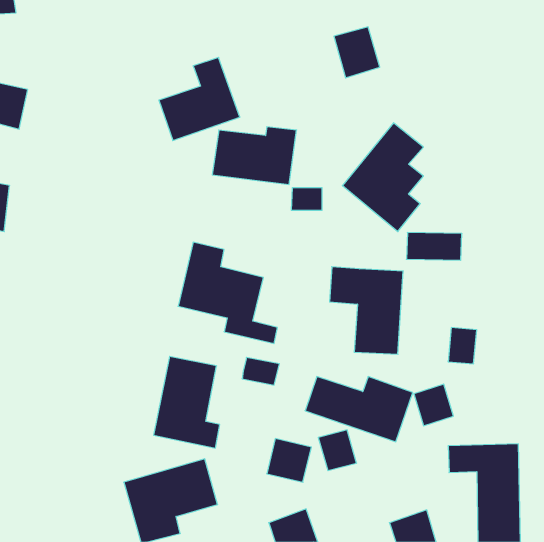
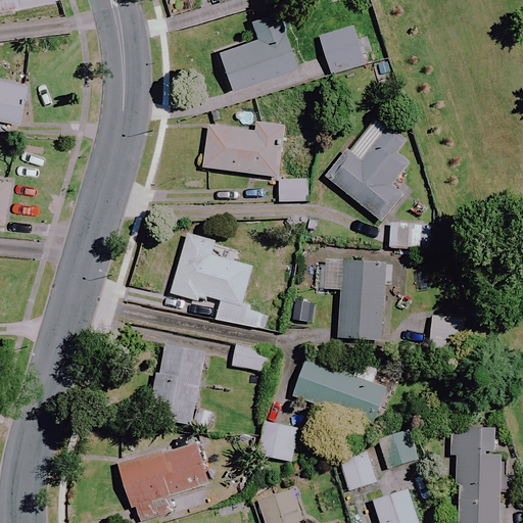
building: [159,57,240,141] -> [218,10,295,90]
building: [414,384,453,426] -> [378,428,416,468]
building: [318,430,357,471] -> [339,450,376,489]

